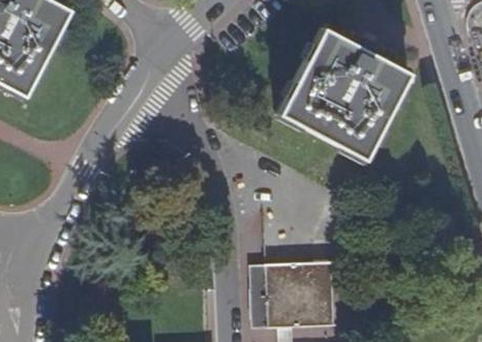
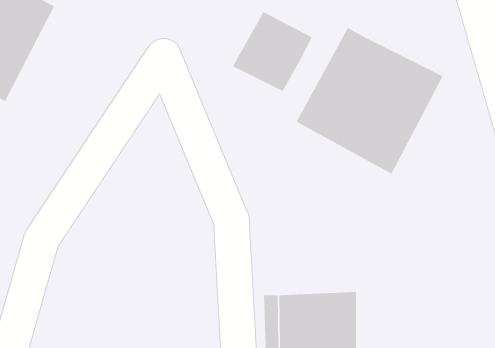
building: none -> [232,11,312,92]

